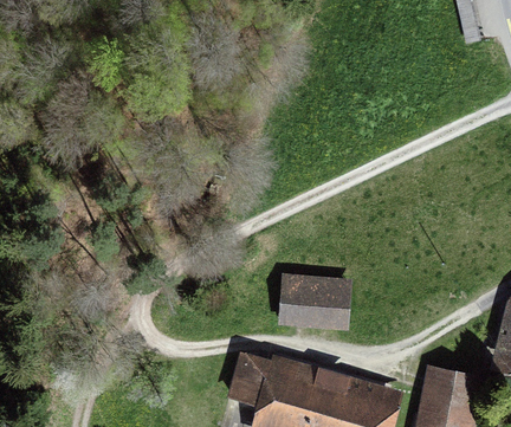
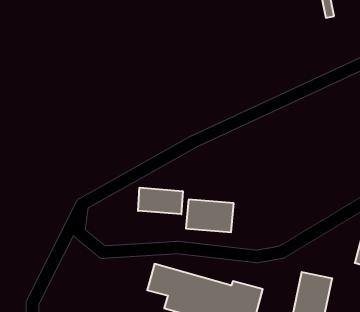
building: none -> [138,188,183,214]

